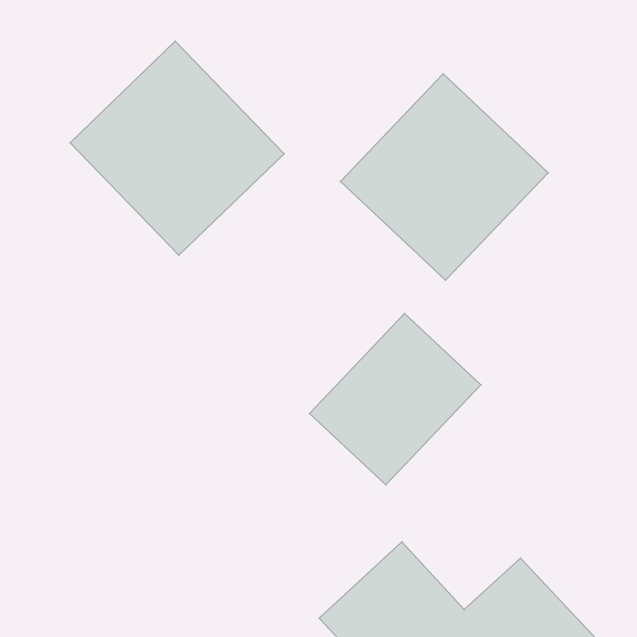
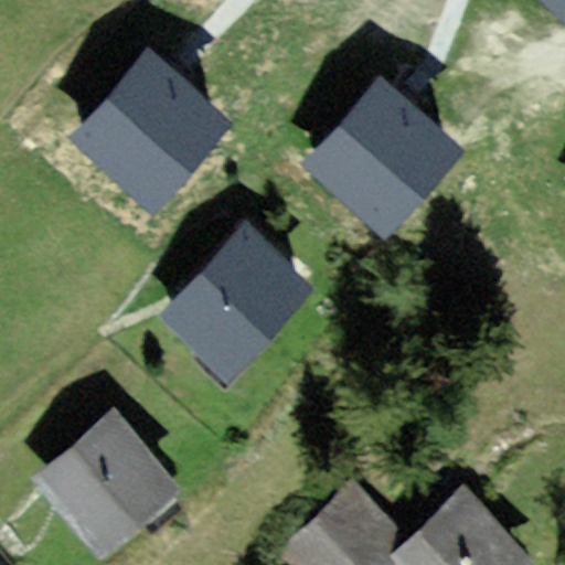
building: [309,314,481,485] -> [158,227,309,379]
building: none -> [32,417,171,555]

